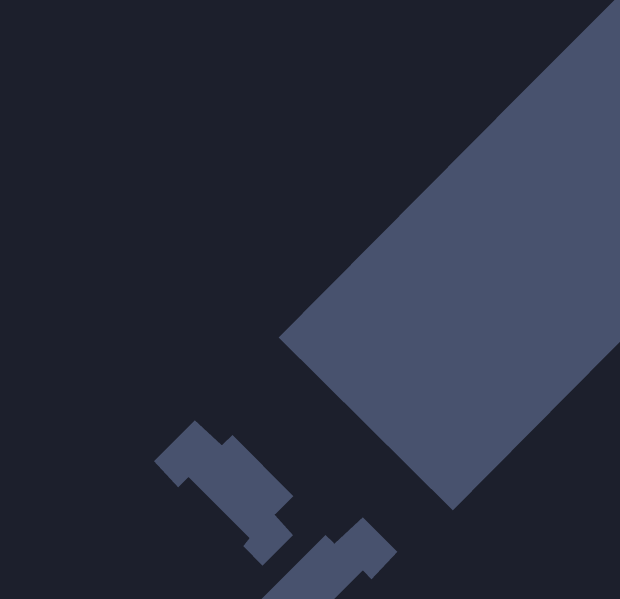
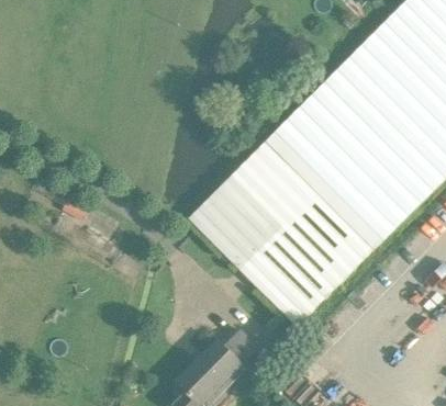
building: [153,420,294,566] -> none

